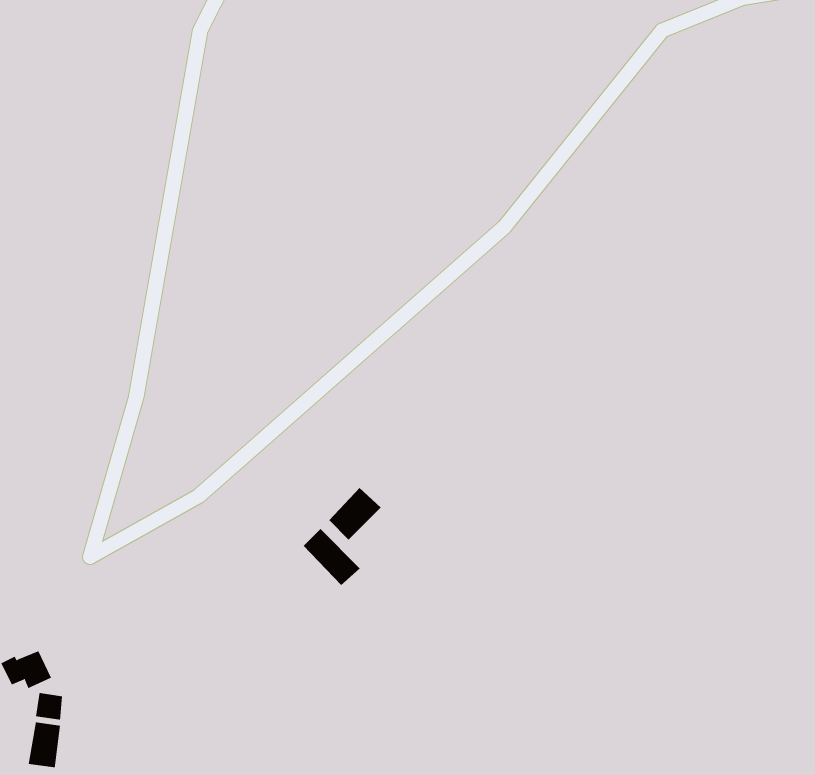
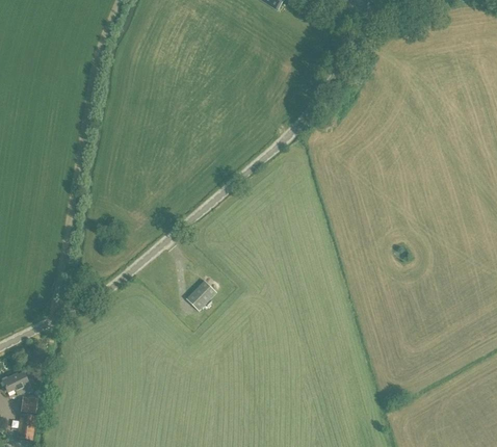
building: [303,528,361,586] -> none

